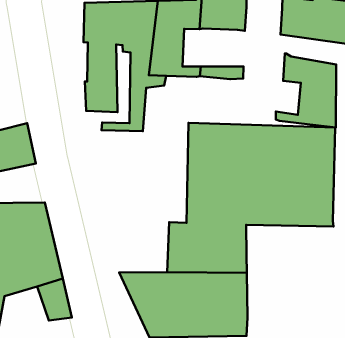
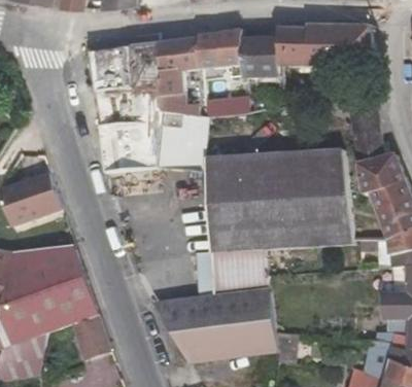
building: none -> [245,38,281,75]
building: [276,53,336,128] -> none
building: none -> [159,111,205,168]

